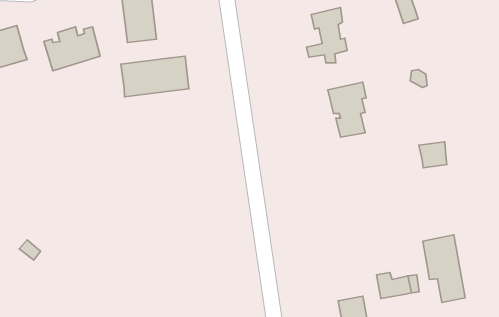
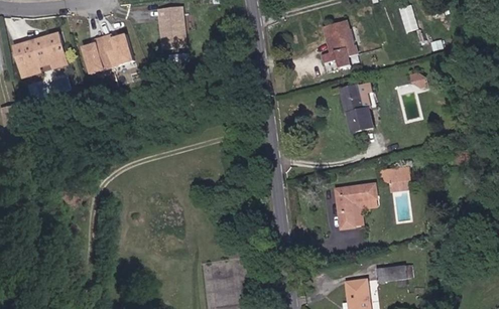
building: [121,56,189,97] -> none
building: [419,142,447,168] -> [386,164,411,187]
building: none -> [332,180,377,228]
building: [423,235,465,302] -> none

